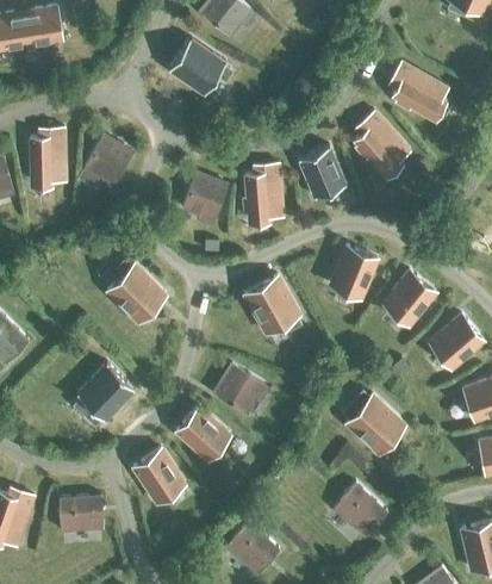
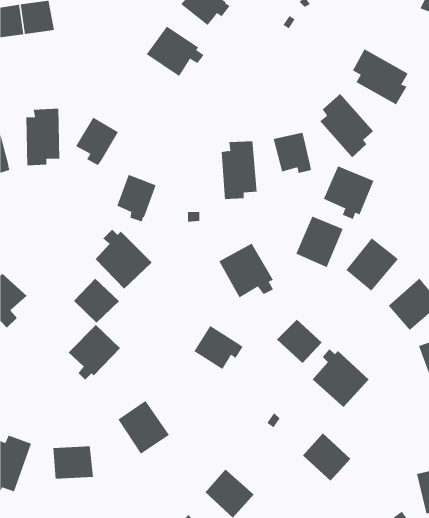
building: [182,173,226,225] -> [116,174,157,222]
building: none -> [323,165,374,220]
building: none -> [73,278,120,324]
building: none -> [276,319,323,364]
building: [173,404,232,462] -> none

